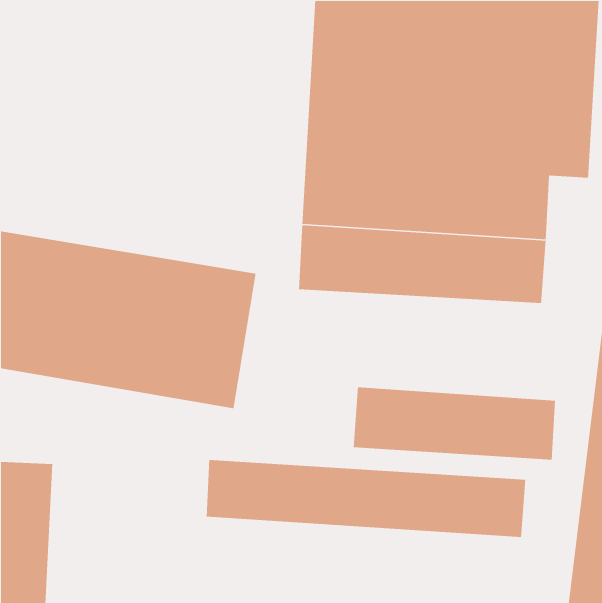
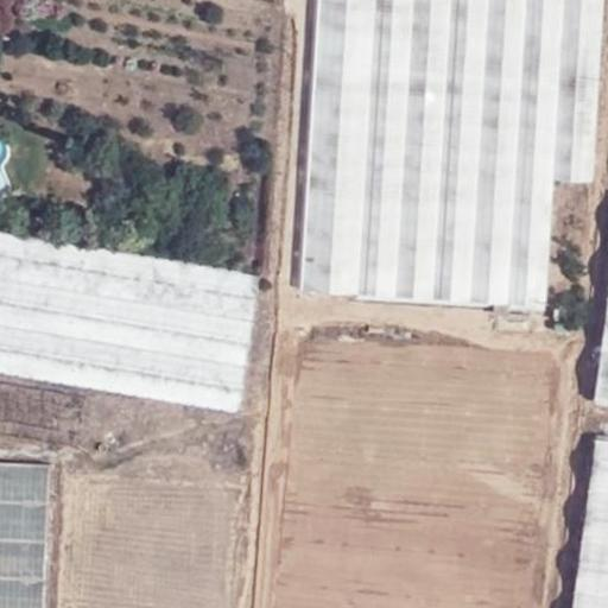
building: [353,387,556,460] -> none
building: [206,459,526,538] -> none

